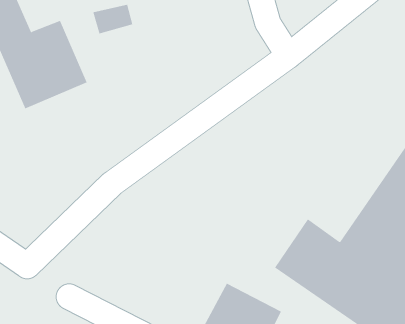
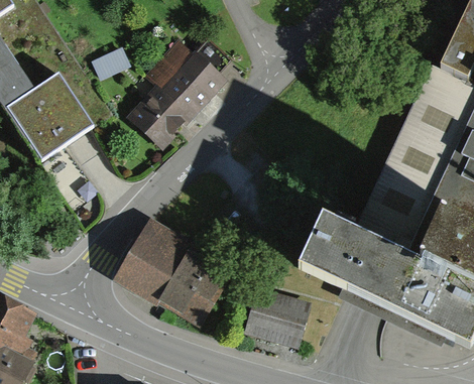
building: none -> [127,39,231,147]
building: none -> [115,219,229,326]

